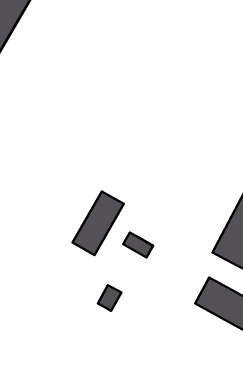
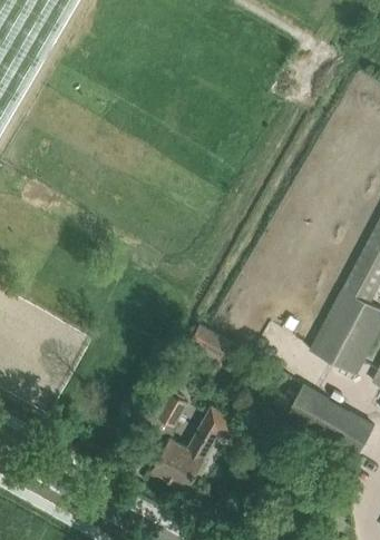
building: [73,192,124,255] -> none
building: none -> [153,408,241,490]

